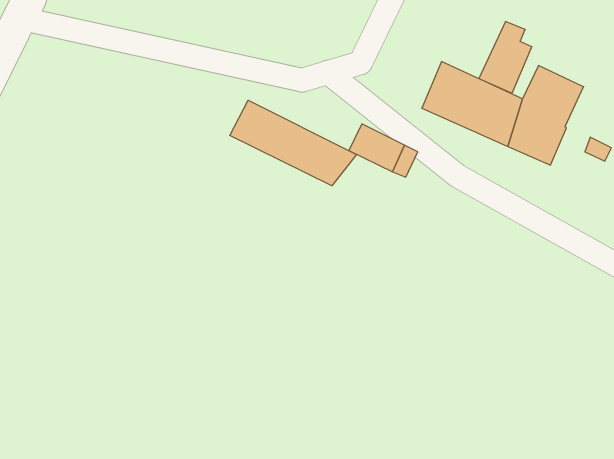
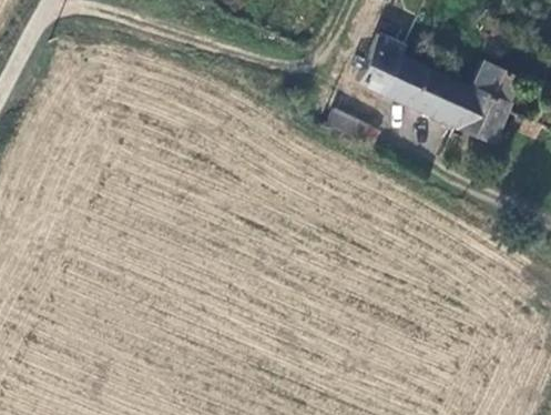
building: [479,22,532,93] -> [358,34,402,94]
building: [230,100,356,186] -> none

